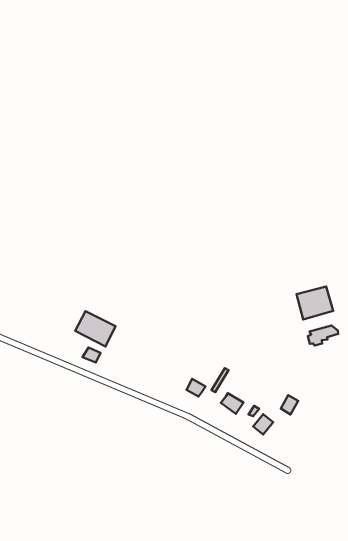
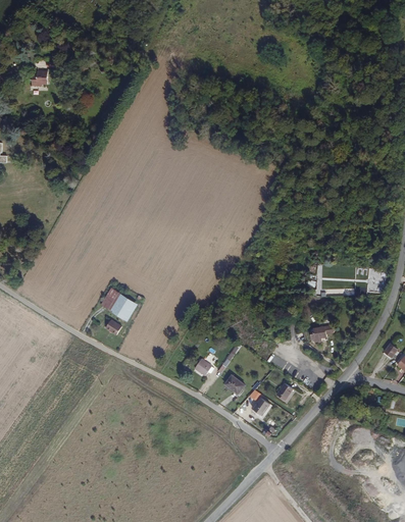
building: [296,286,333,320] -> none

